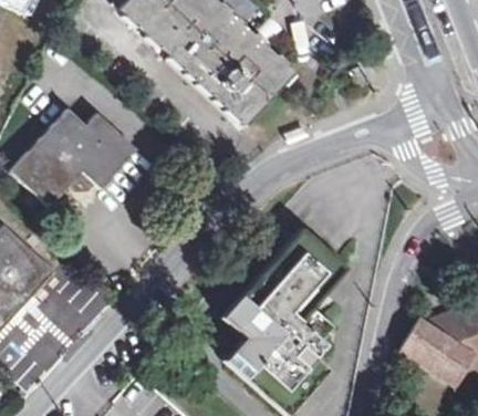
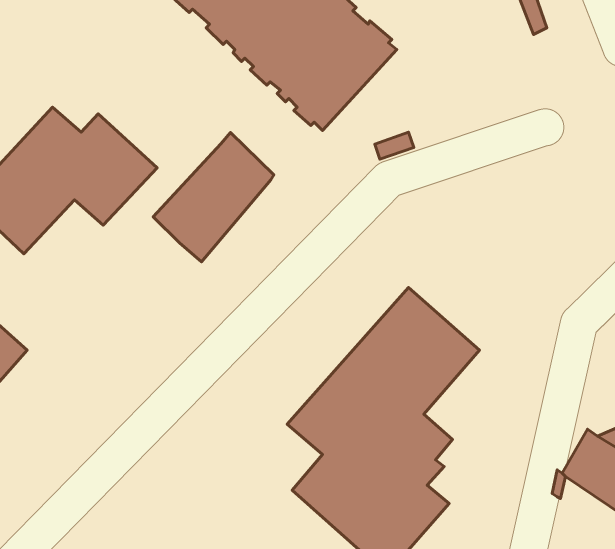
building: none -> [153,133,274,262]

